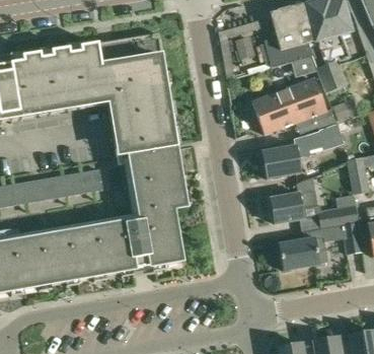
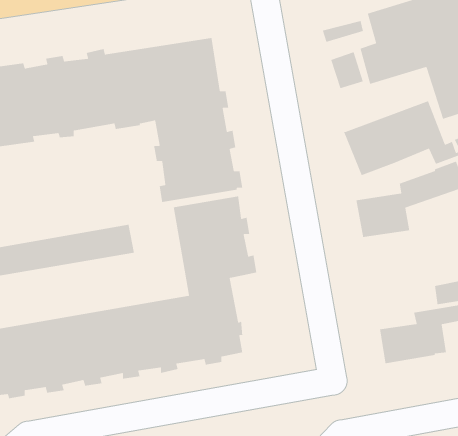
building: [270,176,316,224] -> none

